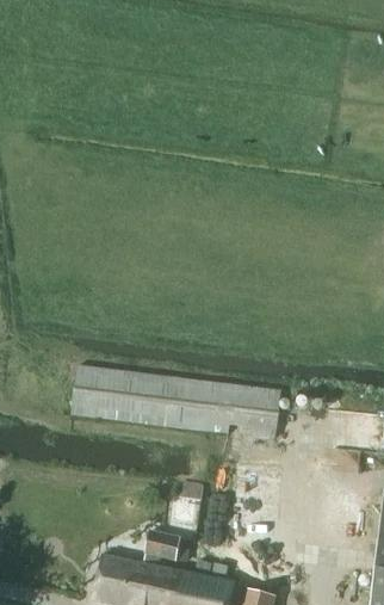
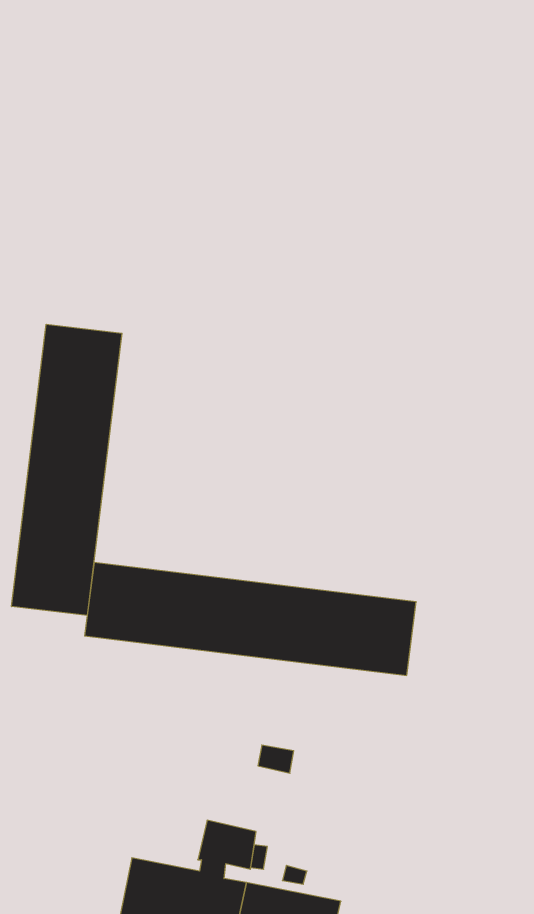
building: none -> [12,324,122,616]

